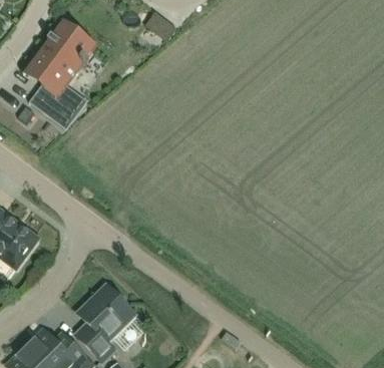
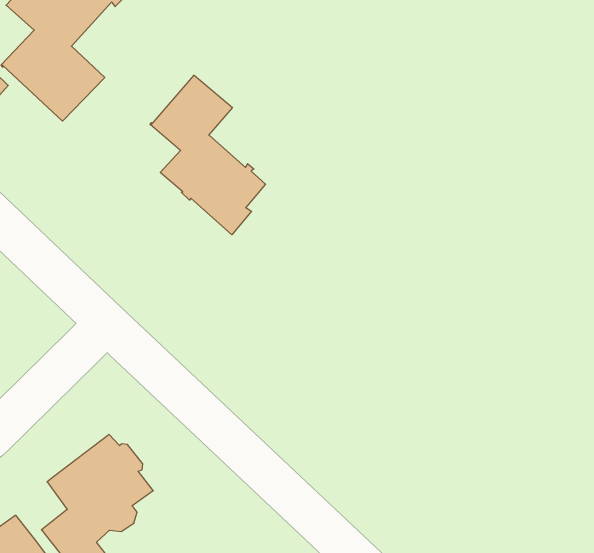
building: none -> [150,75,266,235]

